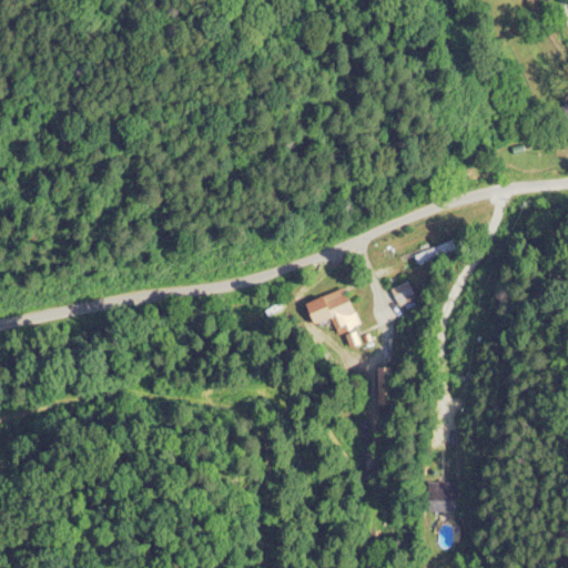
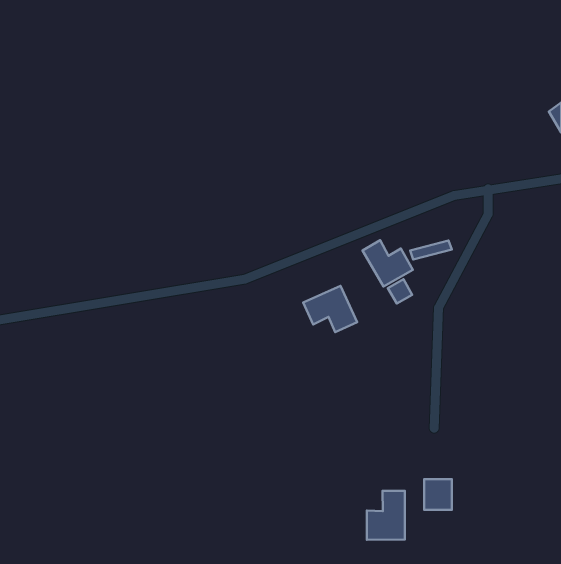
building: none -> [362,240,413,287]
building: none -> [367,491,405,540]

